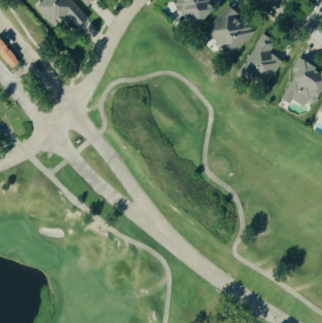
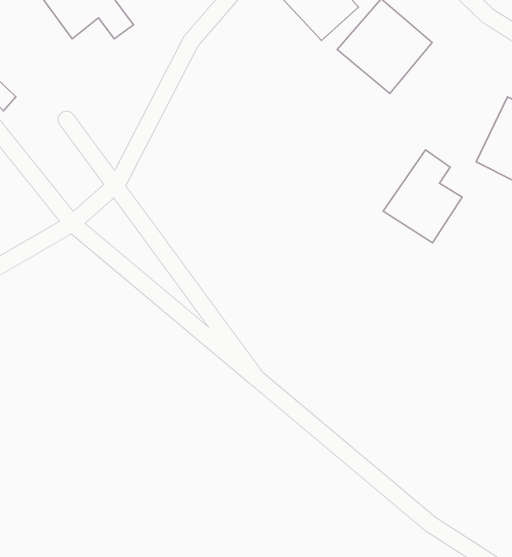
building: [240,34,285,87] -> [383,150,462,243]

